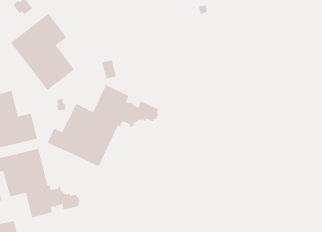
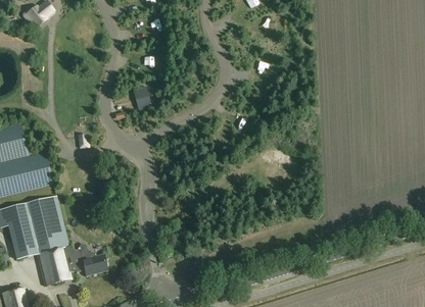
building: [10,13,75,91] -> none
building: [47,84,159,167] -> none

